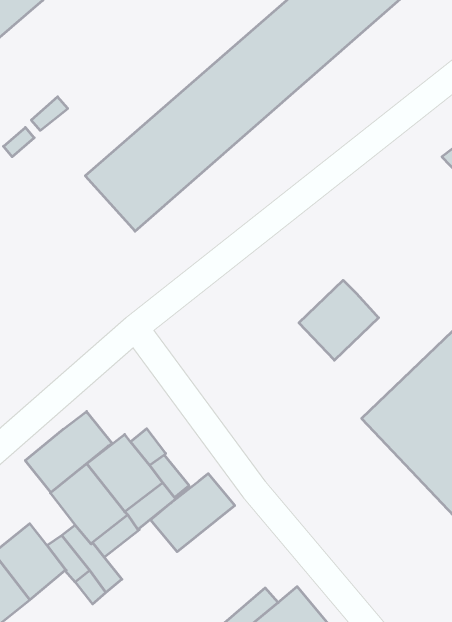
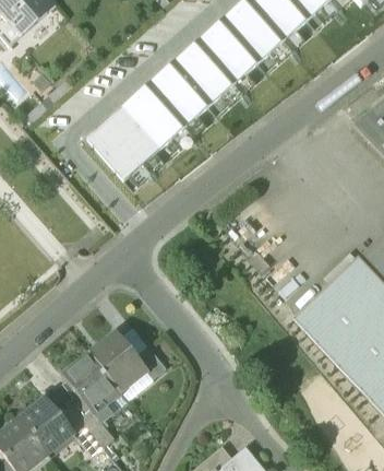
building: [299,280,379,360] -> none
building: [25,411,112,492] -> none
building: [151,474,235,552] -> none

